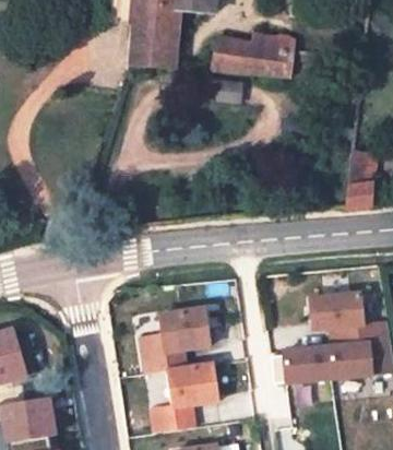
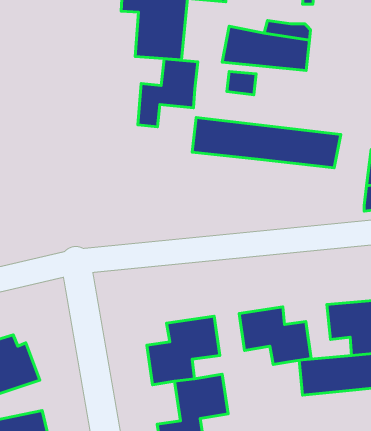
building: none -> [138,59,198,127]
building: none -> [192,118,341,168]
building: none -> [239,307,311,365]

